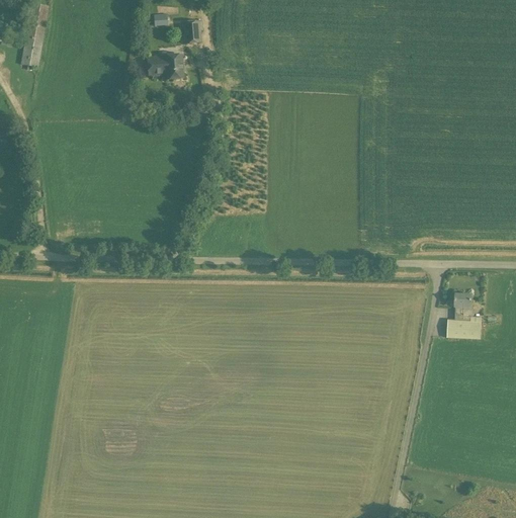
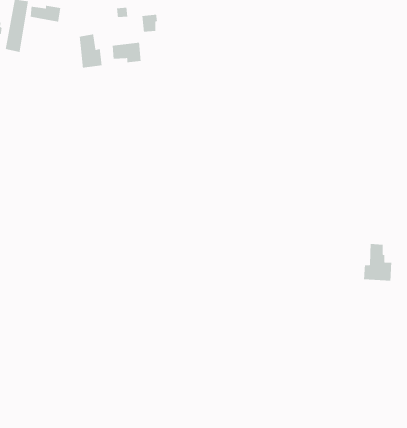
building: none -> [30,5,61,22]
building: none -> [79,34,103,69]

